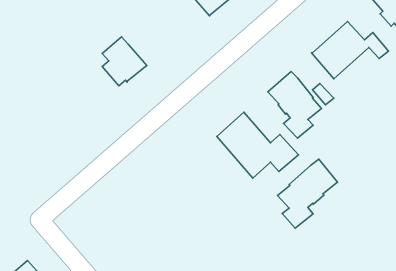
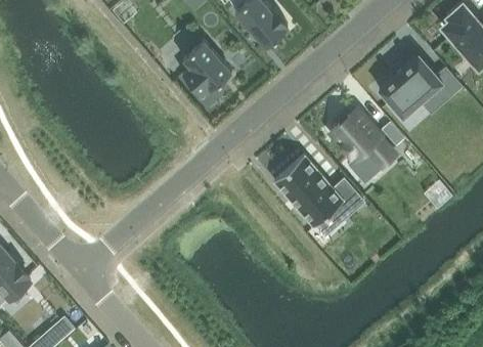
building: [102,37,147,86] -> [183,41,232,95]
building: [278,159,338,228] -> none

